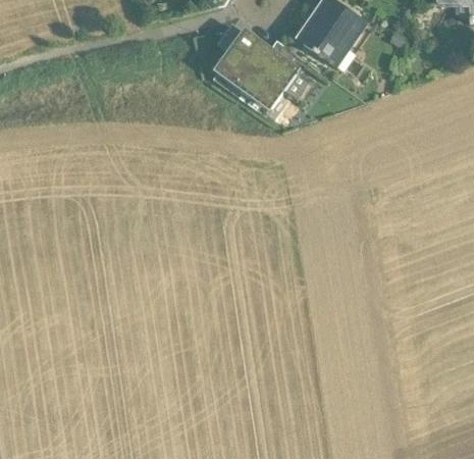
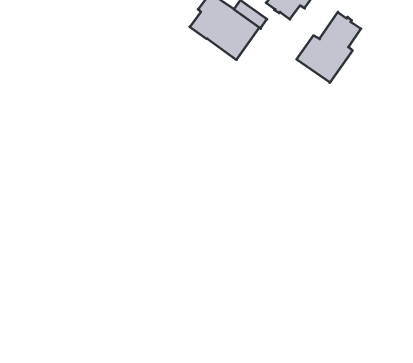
building: none -> [297,12,361,83]

